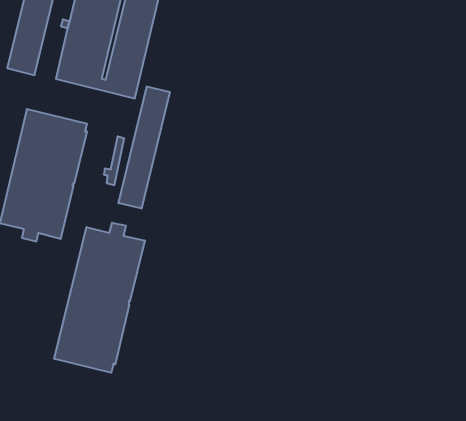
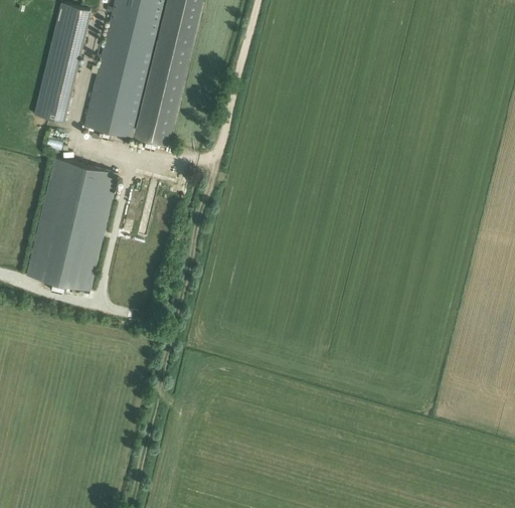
building: [118,86,170,209] -> none
building: [54,223,145,373] -> none

